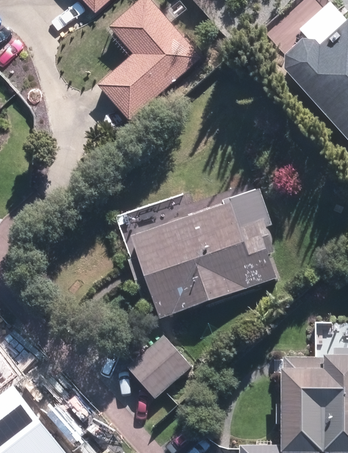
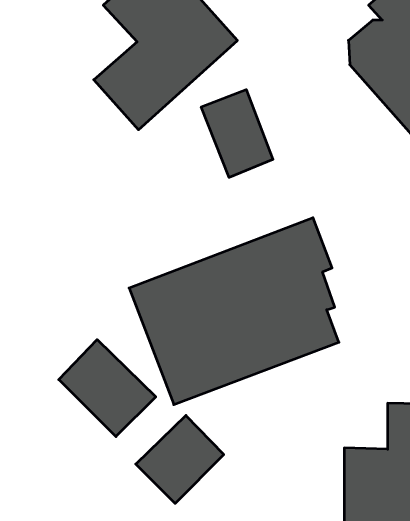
building: none -> [201,90,273,177]
building: none -> [59,340,156,437]

